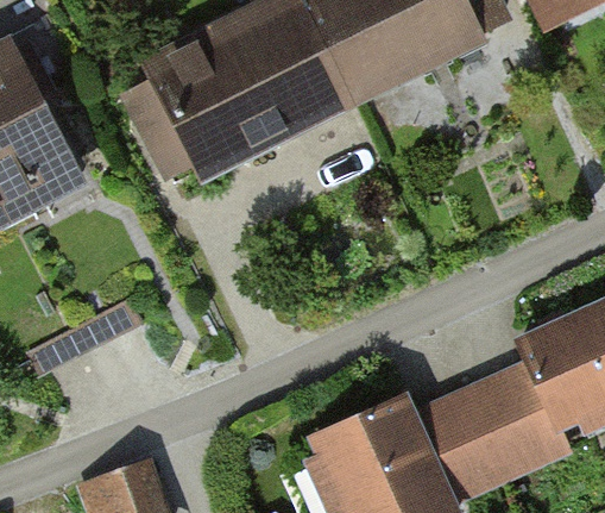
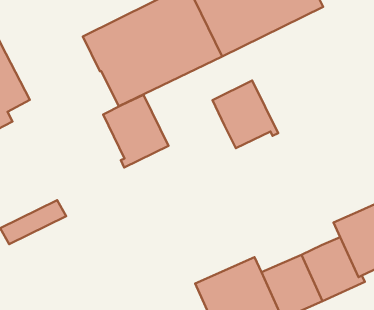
building: none -> [213,80,278,148]
building: none -> [103,95,169,167]

